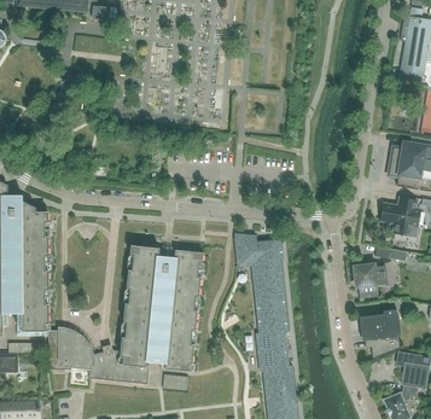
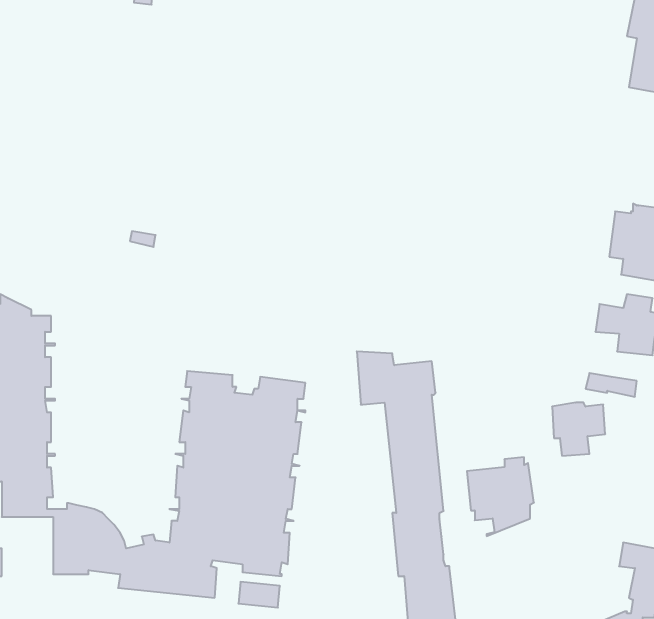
building: [360,309,401,357] -> [467,457,534,536]

